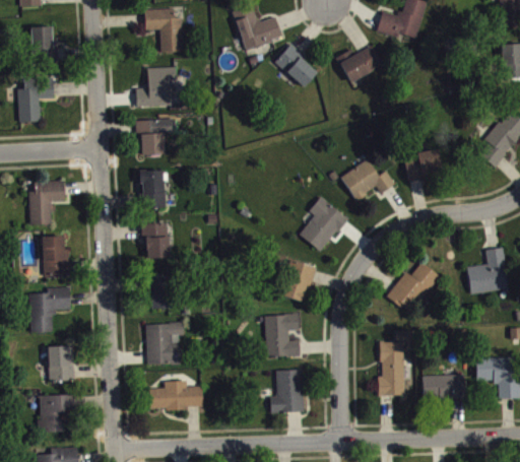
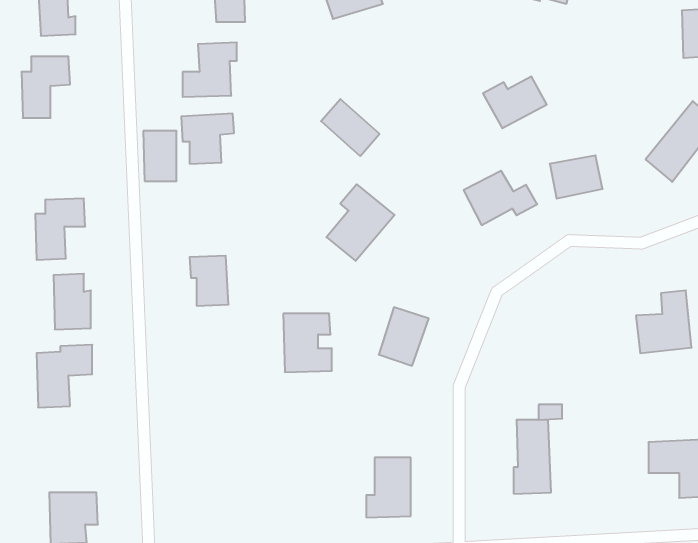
building: [336,45,383,82] -> [483,77,547,128]
building: [275,46,318,87] -> [321,99,379,156]
building: [140,171,165,207] -> [143,131,177,181]
building: [299,196,348,252] -> [326,184,395,261]
building: [386,262,439,314] -> none
building: [149,276,171,309] -> none
building: [264,315,300,357] -> [283,314,332,372]
building: [146,323,184,365] -> none
building: [48,345,74,381] -> none
building: [422,375,465,400] -> none
building: [148,381,203,409] -> none

